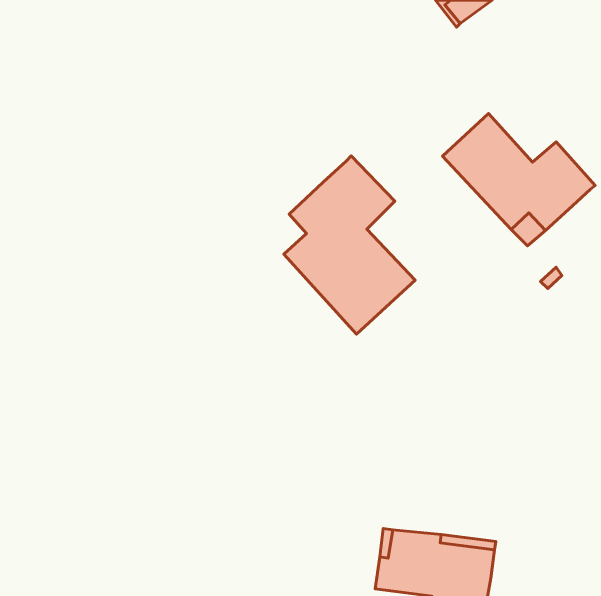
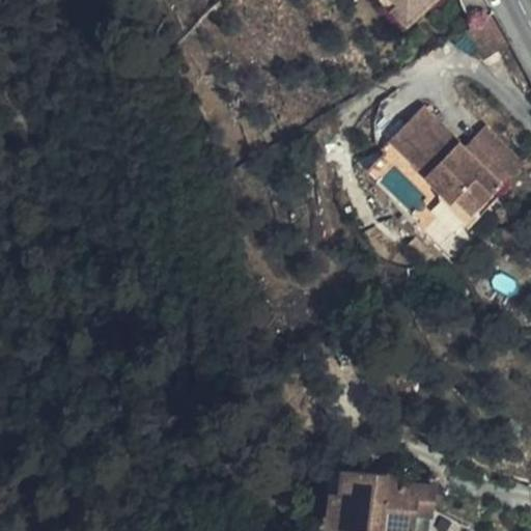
building: [284,156,415,334] -> none

